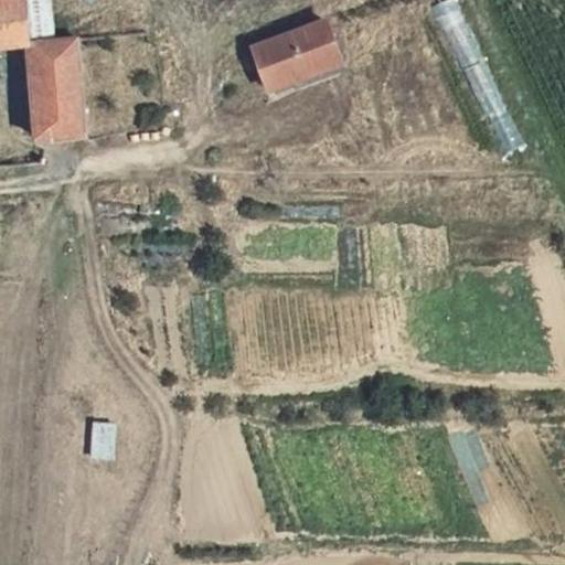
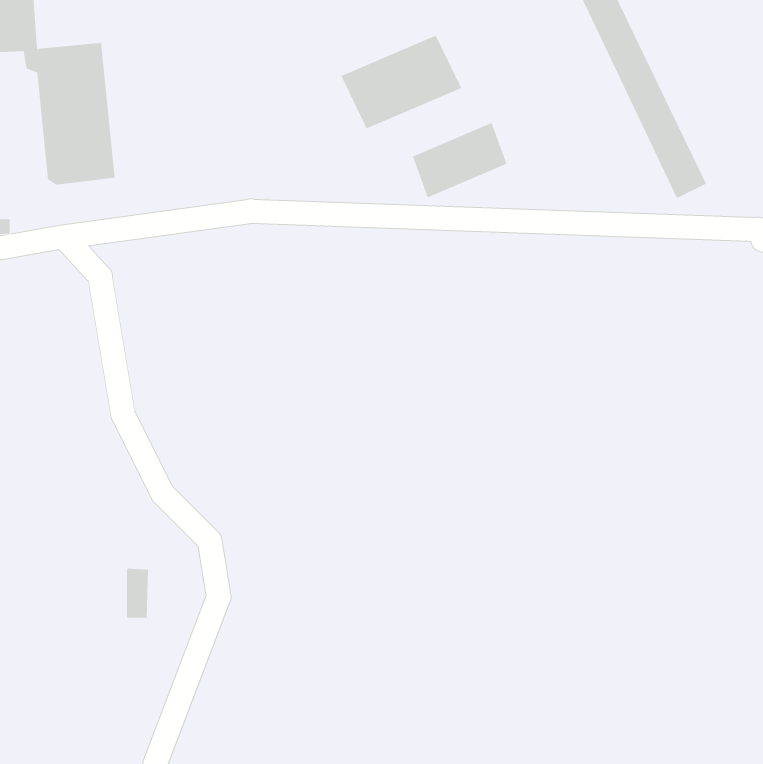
building: none -> [412,122,507,198]

